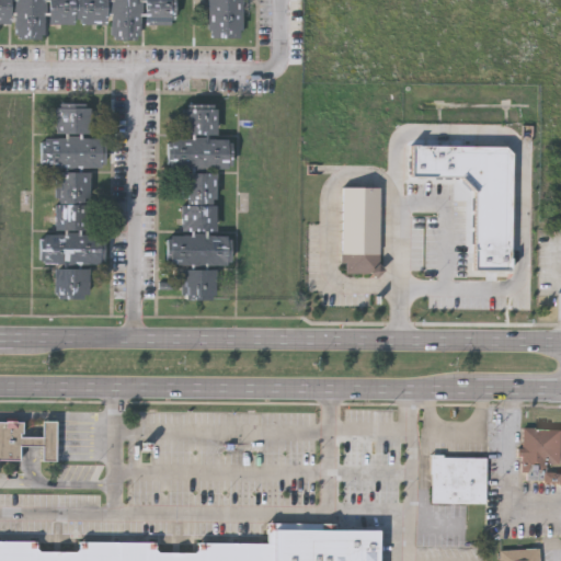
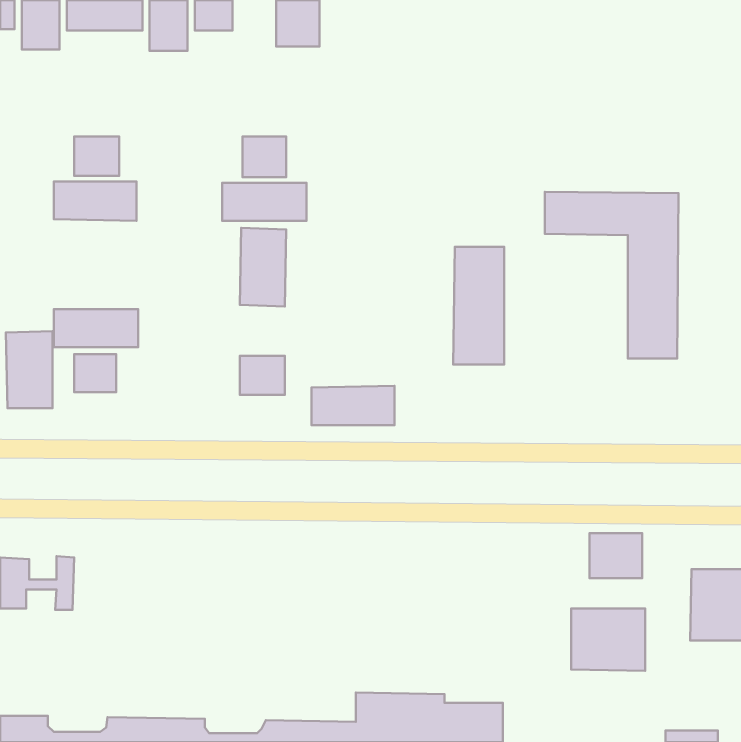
building: [56,171,91,229] -> [6,331,52,408]
building: [169,233,231,263] -> [312,386,394,425]
building: none -> [589,533,642,578]

